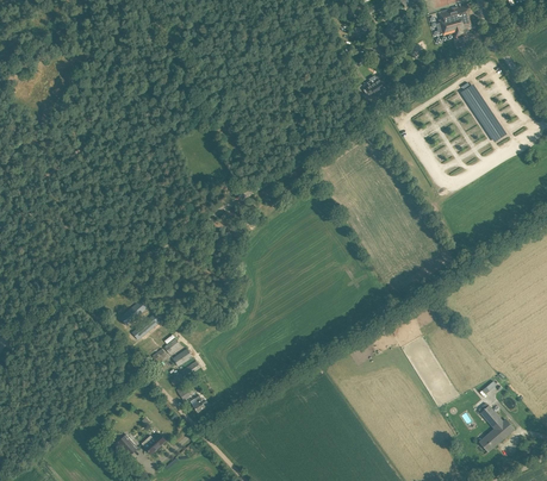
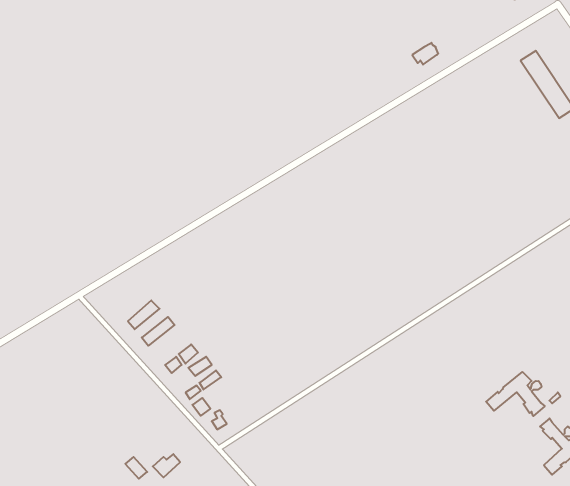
building: none -> [486,372,545,416]

